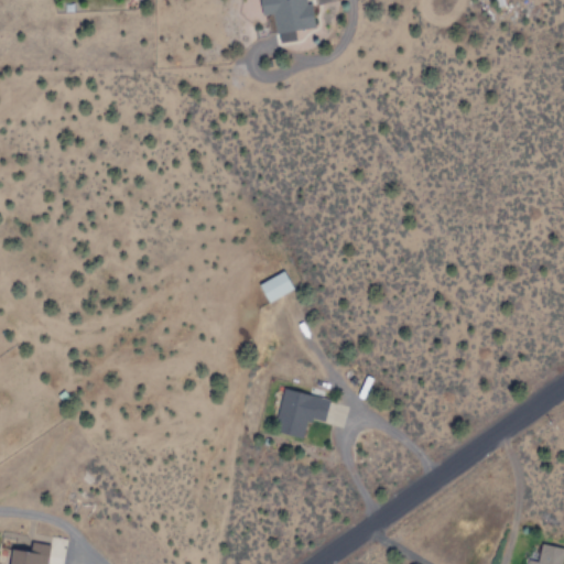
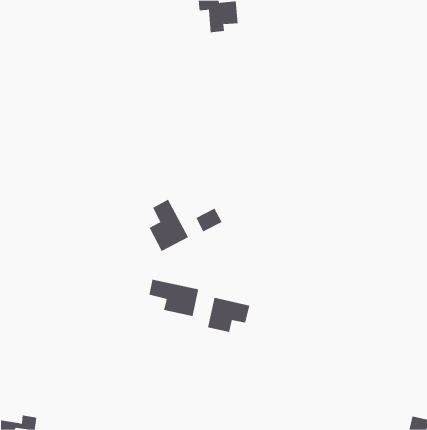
building: none -> [149,199,189,252]
building: none -> [149,279,199,317]

